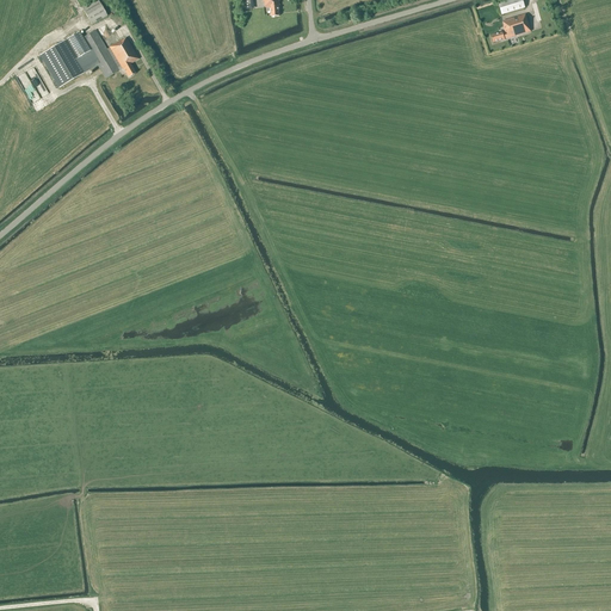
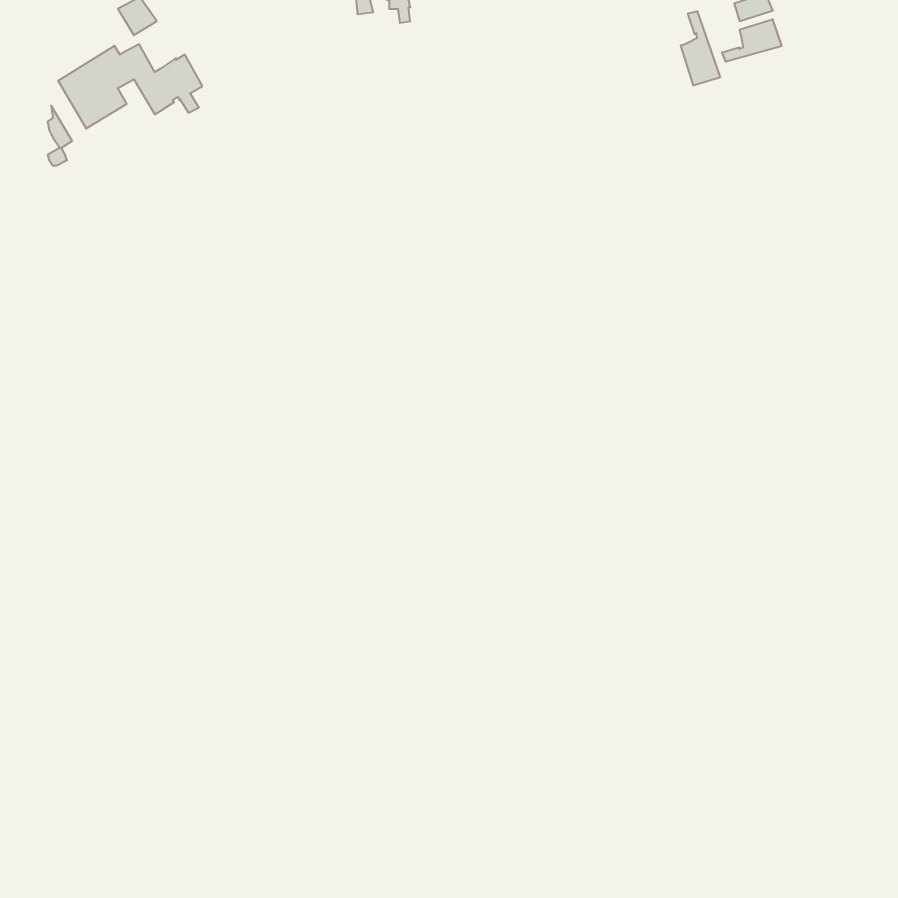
building: none -> [681,11,720,85]

